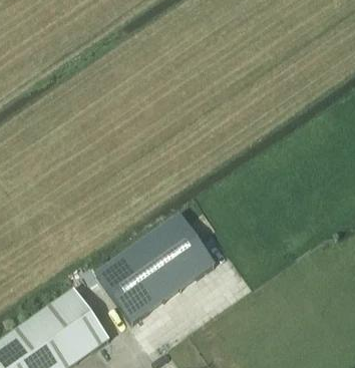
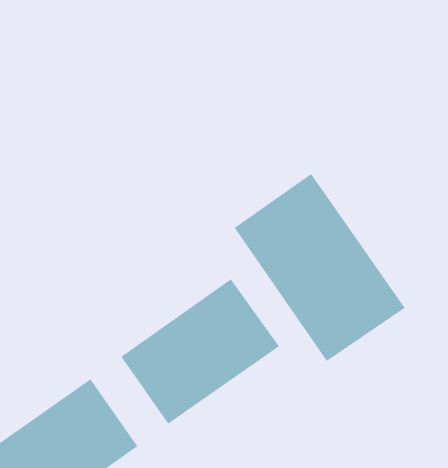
building: none -> [234,173,406,362]

